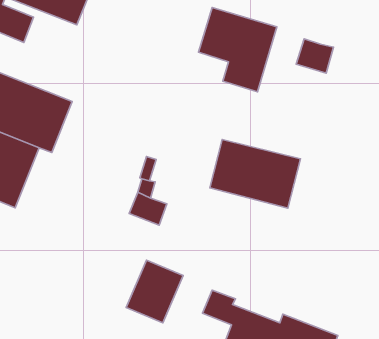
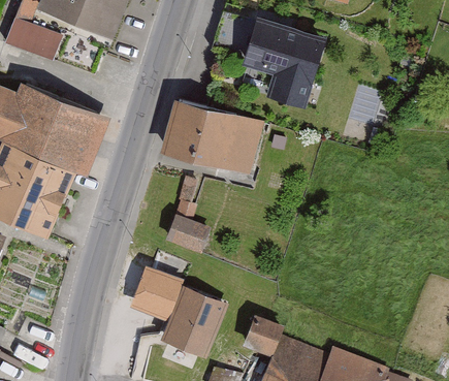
building: [296,39,334,73] -> none
building: [210,140,301,208] -> [165,100,262,173]
building: none -> [131,271,180,319]

